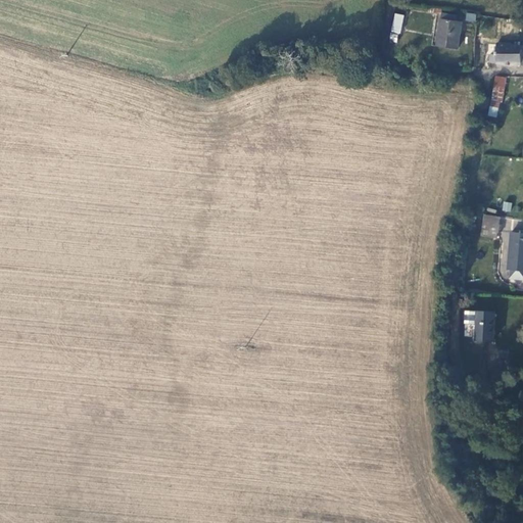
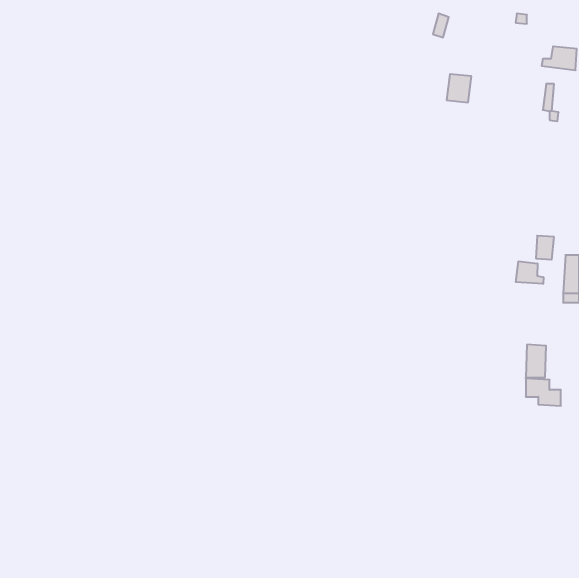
building: [438,18,461,44] -> [447,74,471,102]
building: none -> [516,261,543,284]

